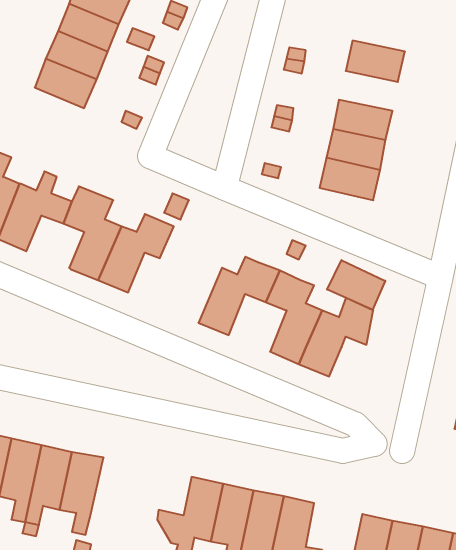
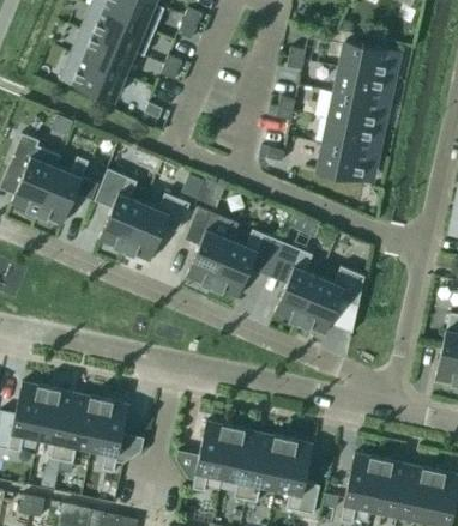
building: none -> [335,68,386,103]
building: none -> [186,207,239,288]
building: [327,260,385,310] -> none

